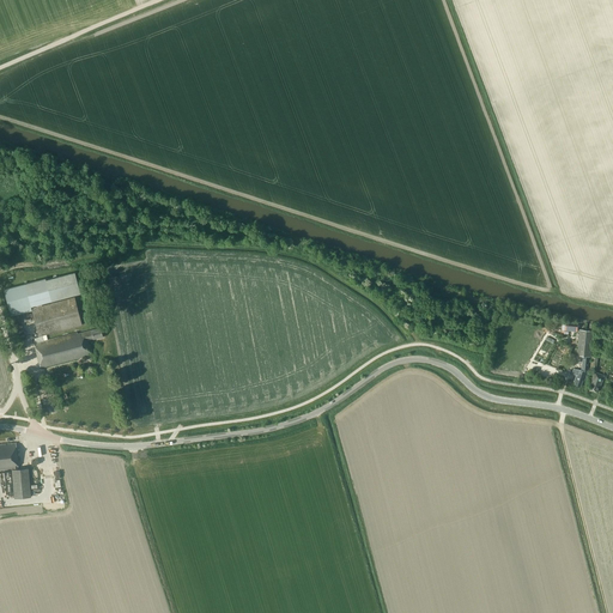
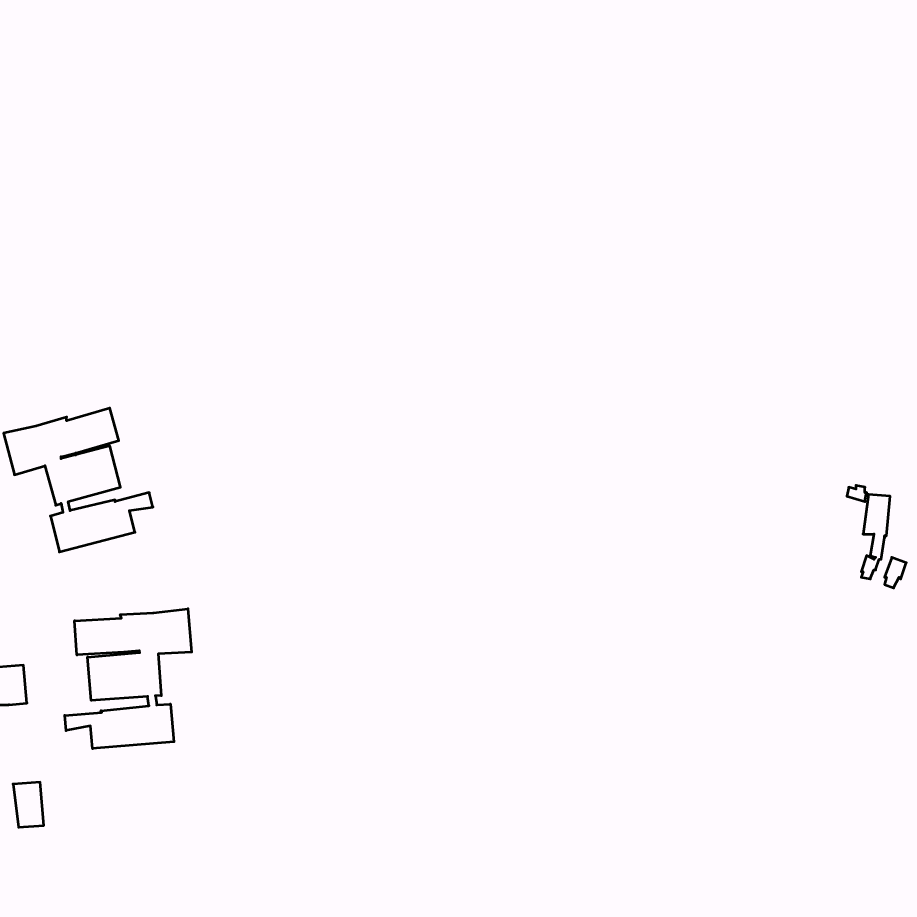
building: none -> [65,609,192,749]
building: [10,469,30,499] -> [13,782,44,827]

